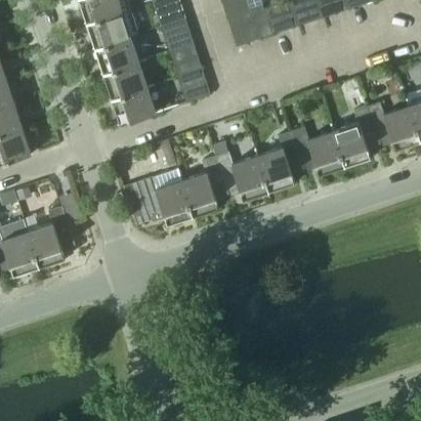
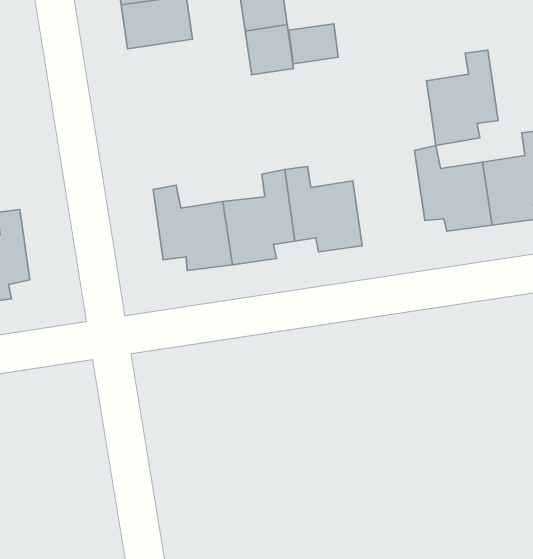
building: none -> [289,24,338,64]
building: [109,85,155,123] -> none
building: [257,129,304,192] -> [426,50,498,146]

